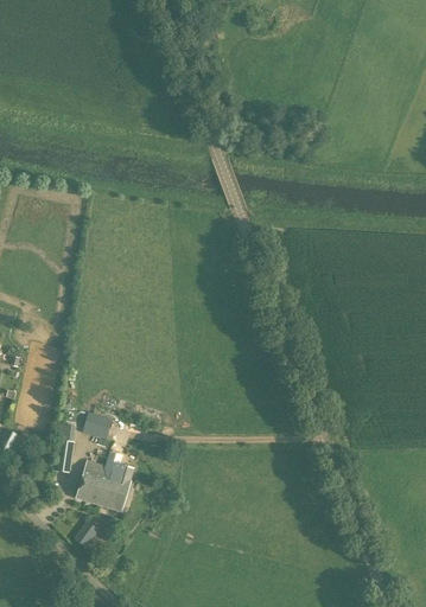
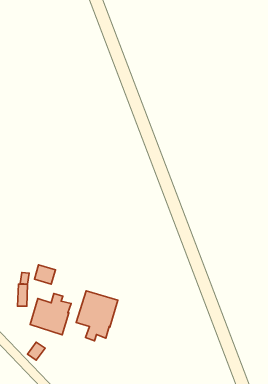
building: none -> [76,291,118,341]

